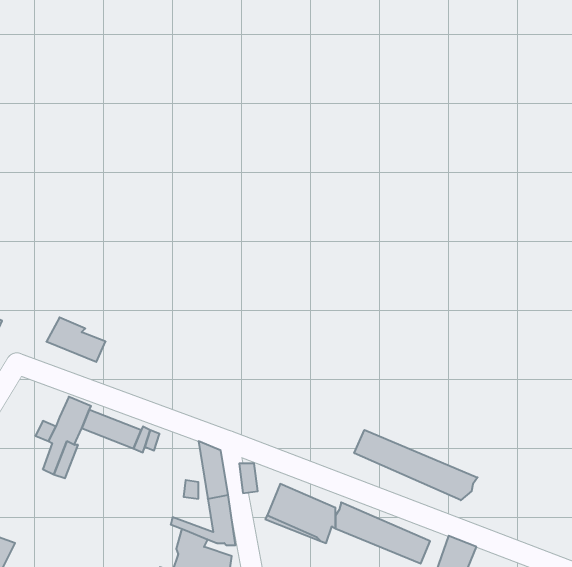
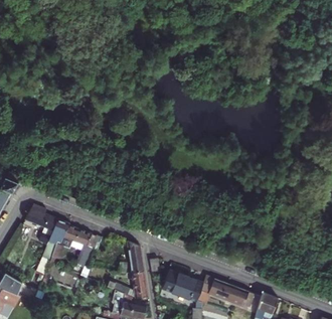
building: [46,317,106,362] -> [23,204,55,228]
building: [354,430,478,500] -> none

